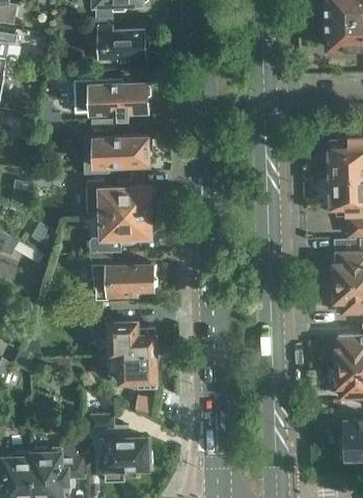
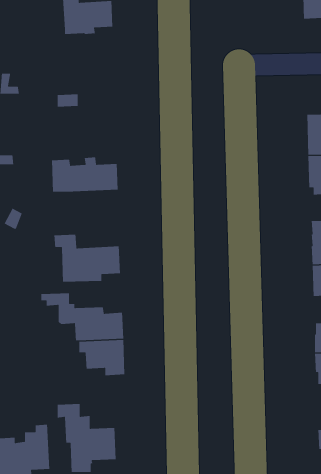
building: [72,78,146,118] -> none
building: [83,135,147,173] -> none
building: [87,212,150,254] -> none

